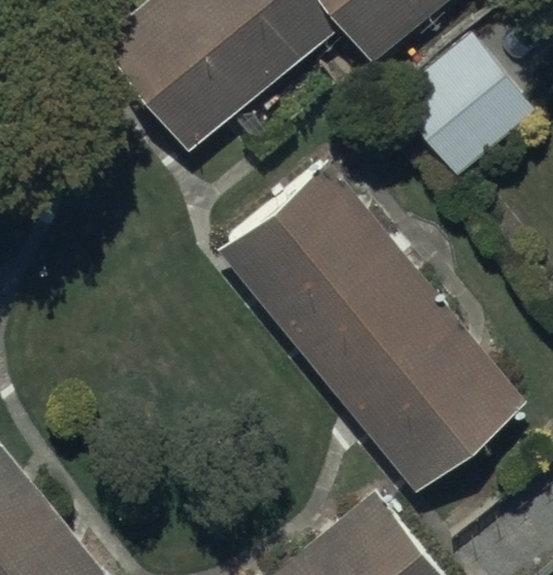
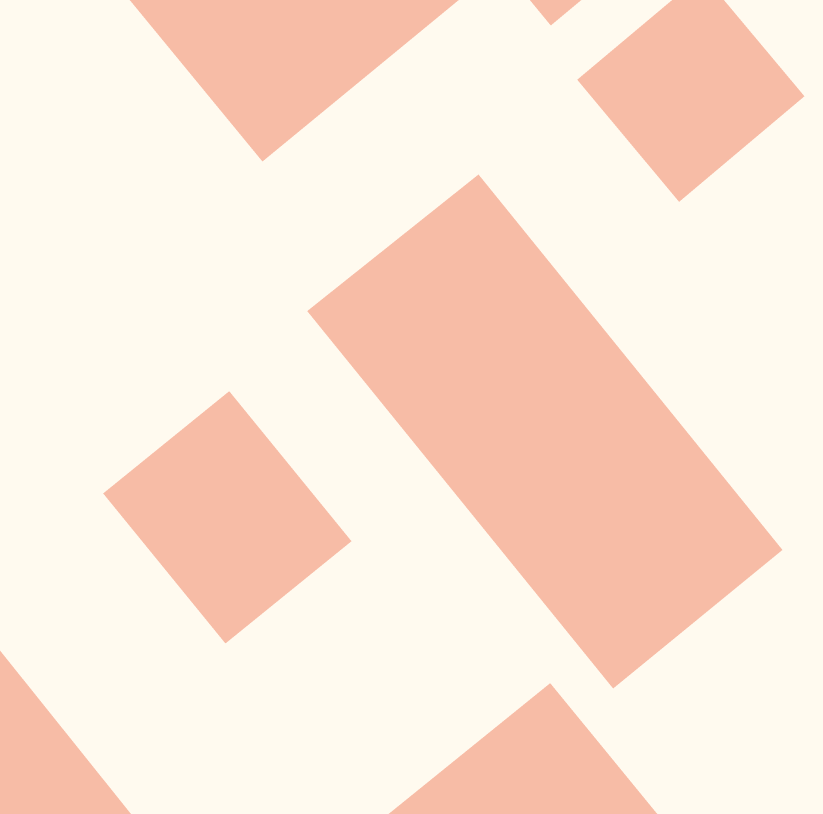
building: none -> [102,390,353,644]

